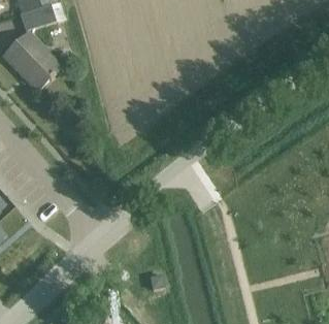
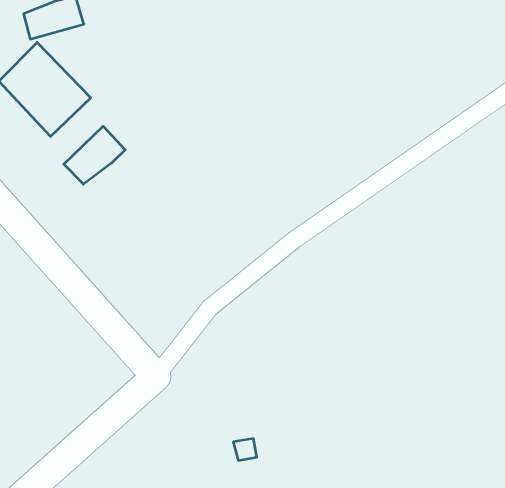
building: none -> [64,126,125,184]

